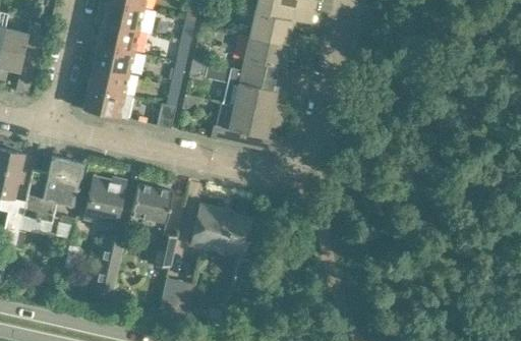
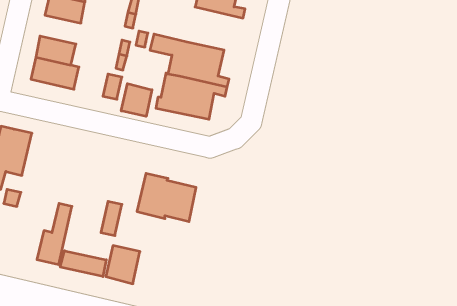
building: [242,35,299,78] -> none
building: [93,43,134,72] -> none
building: none -> [121,84,152,116]
building: [85,176,126,227] -> none
building: [131,183,174,222] -> none
building: none -> [60,251,106,277]

